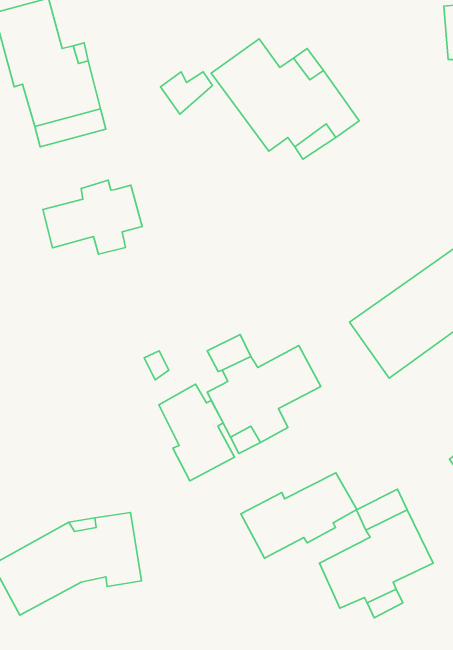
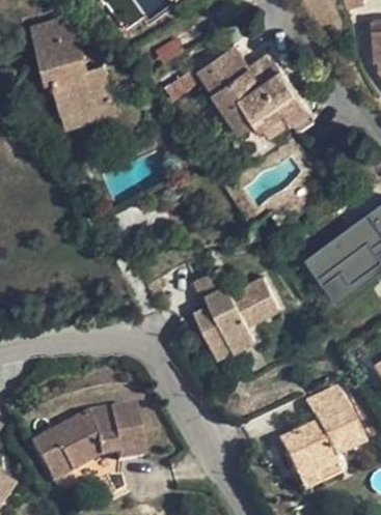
building: [43,180,142,254] -> none
building: [159,384,234,481] -> none
building: [241,473,357,558] -> none

